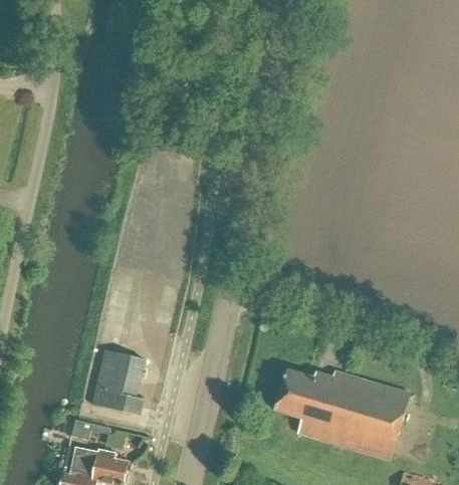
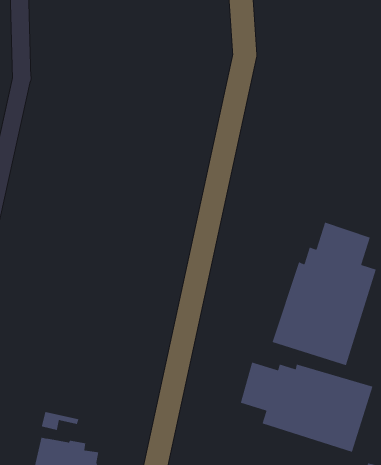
building: none -> [271,221,377,366]
building: [93,349,145,415] -> none

